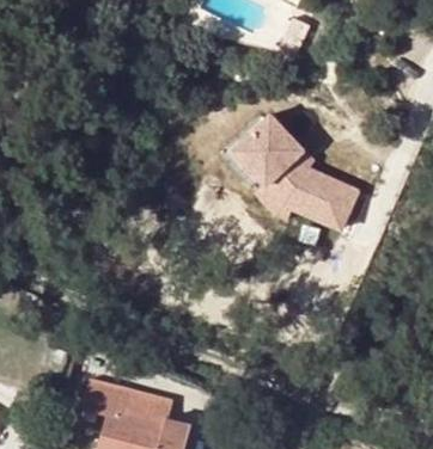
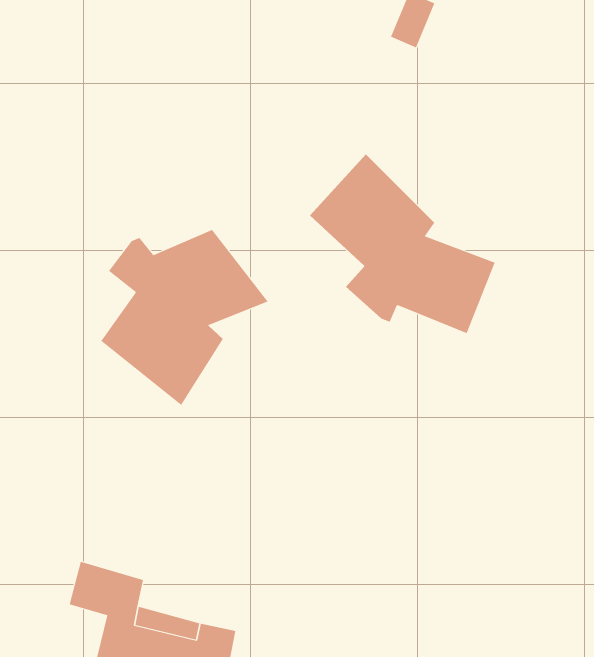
building: none -> [100,229,268,406]

